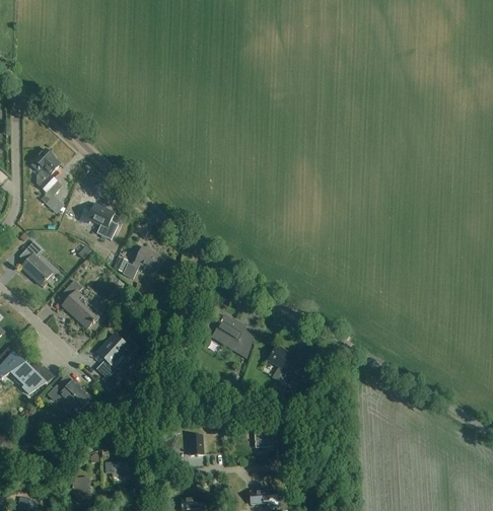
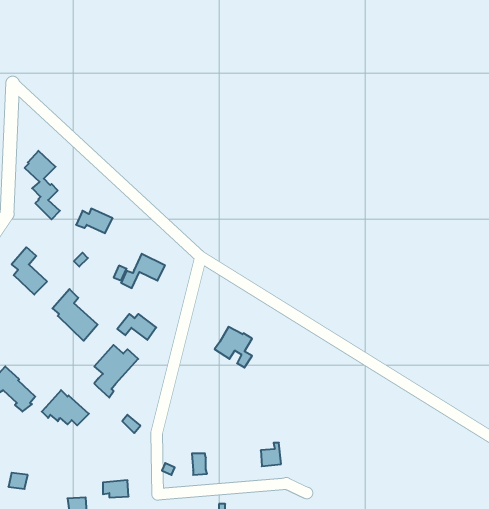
building: none -> [117,314,156,340]
building: [268,345,298,387] -> none

